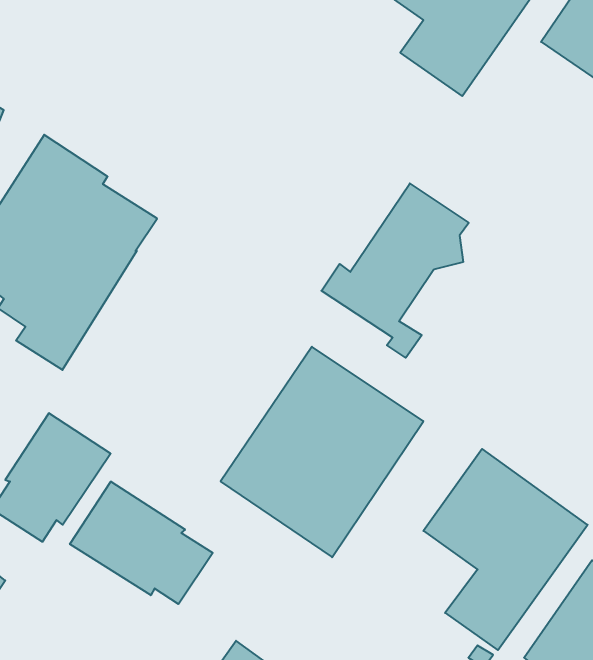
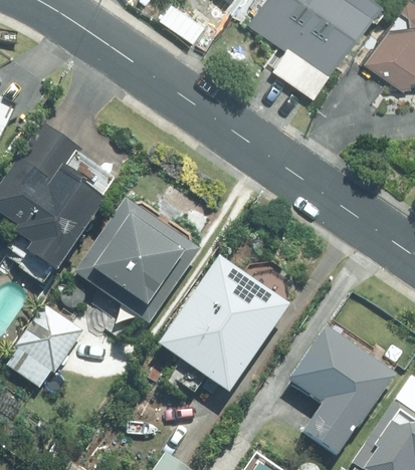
building: [321,183,469,358] -> none
building: none -> [72,199,199,324]
building: [70,481,213,604] -> none

